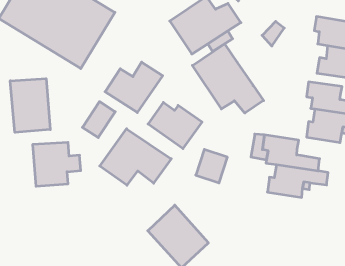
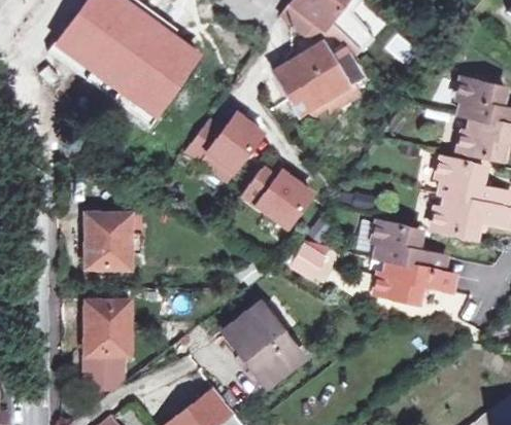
building: [192,44,264,113] -> none
building: [10,79,50,132] -> none
building: [82,102,115,138] -> none
building: [100,129,171,185] -> none
building: none -> [86,307,131,360]

